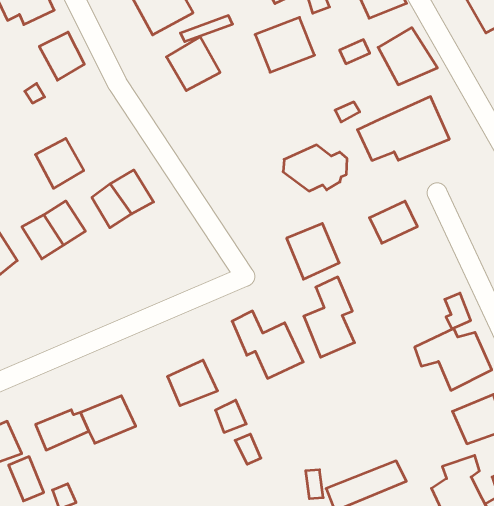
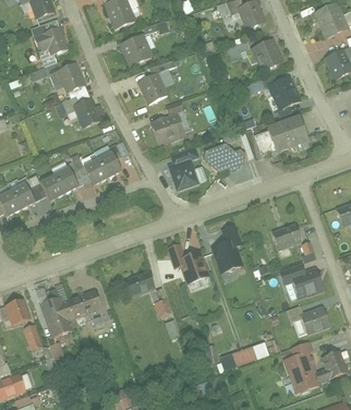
building: [255,17,315,72] -> [149,111,185,144]
building: [35,138,84,188] -> [72,96,101,126]
building: [369,201,417,243] -> [271,225,301,250]
building: [287,223,339,279] -> [168,156,199,190]
building: none -> [45,310,75,337]

